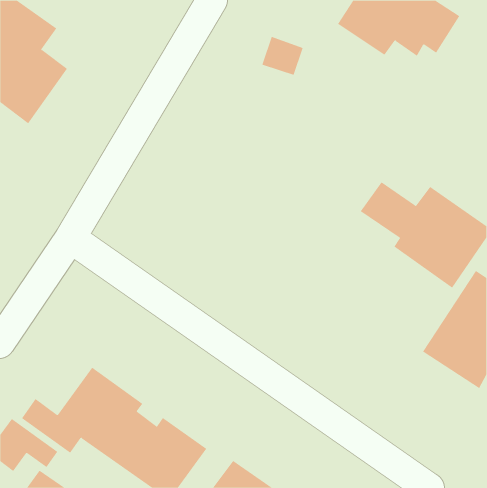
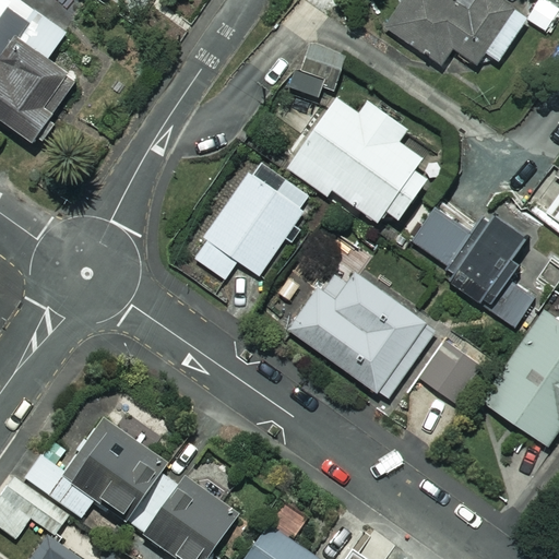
building: none -> [289,92,432,222]
building: none -> [192,173,311,278]
building: none -> [287,259,435,397]
building: none -> [418,337,483,403]

